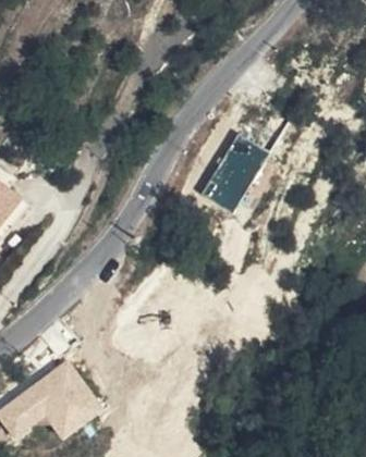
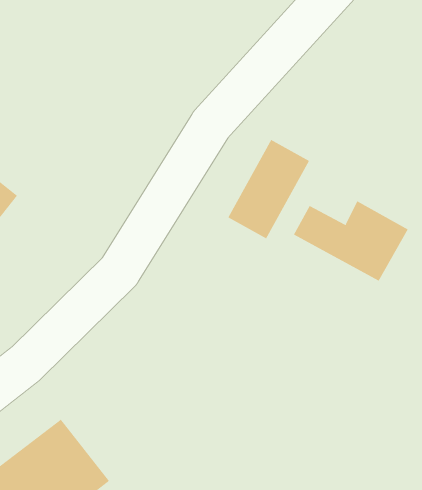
building: none -> [293,201,408,281]

